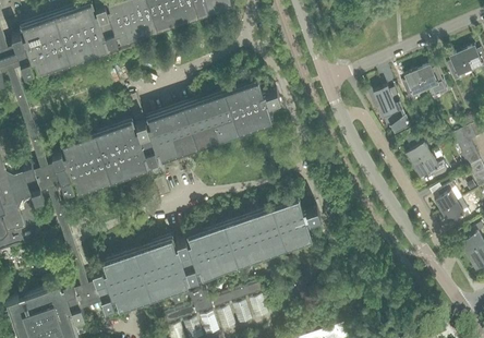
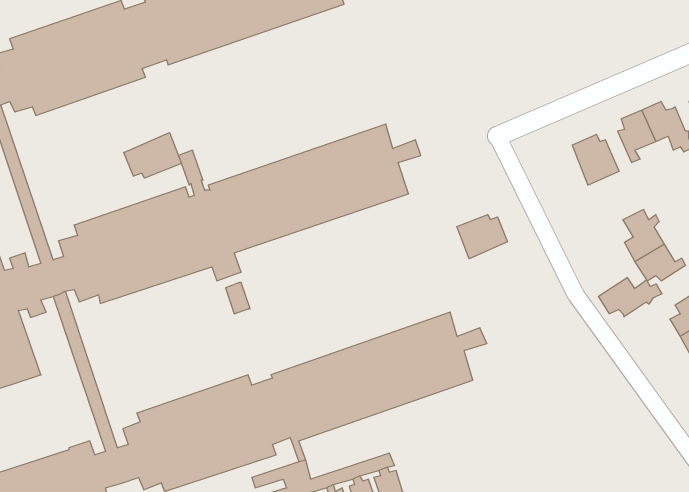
building: none -> [124,133,181,178]
building: none -> [457,214,507,259]
building: none -> [598,278,662,317]

